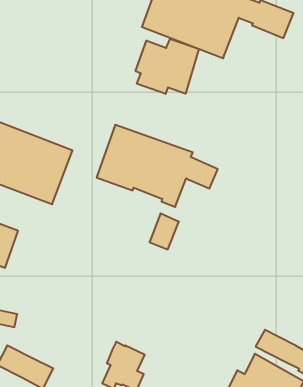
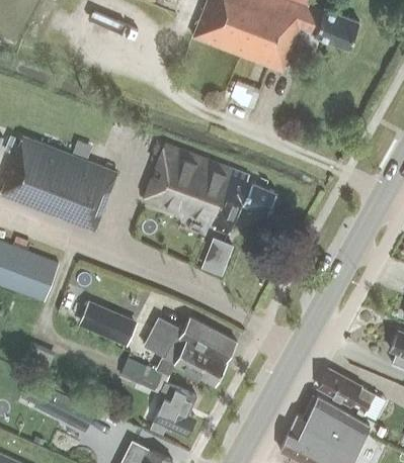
building: [136,39,199,94] -> none
building: none -> [81,302,134,342]
building: none -> [145,316,236,384]
building: none -> [119,357,169,390]

